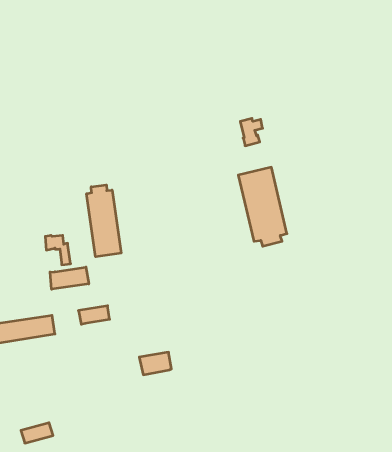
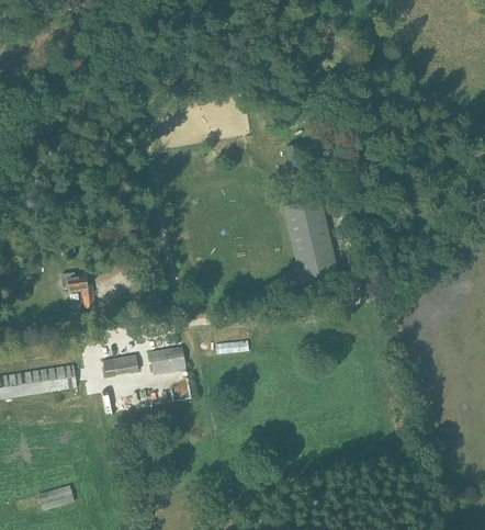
building: [87,185,121,257] -> none
building: [50,267,89,289] -> none
building: [139,352,171,375] -> [148,347,184,372]

